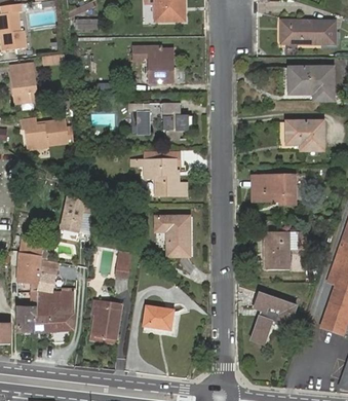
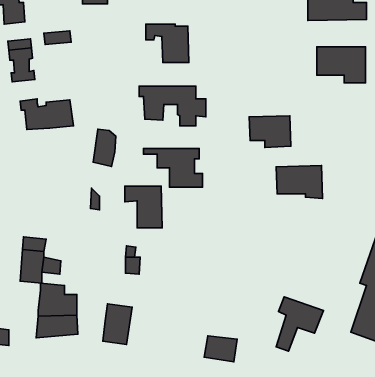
building: [284,121,322,150] -> [249,116,291,147]
building: [59,196,79,230] -> [93,129,116,167]
building: [155,217,189,255] -> [125,186,162,228]
building: [263,231,303,269] -> none
building: [16,287,38,332] -> none
building: [143,305,172,329] -> [204,336,237,362]

